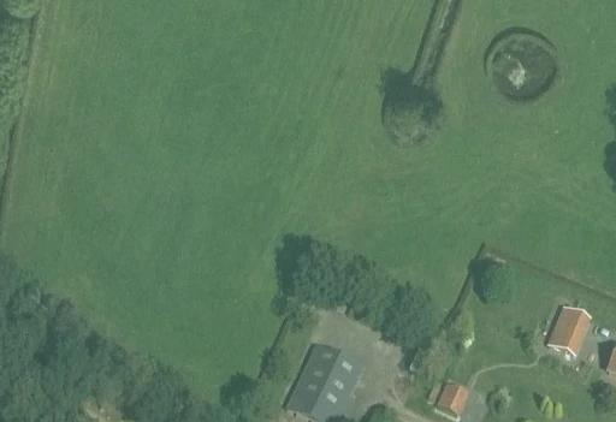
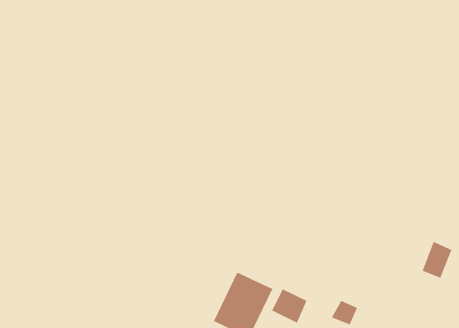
building: none -> [272,289,307,324]

